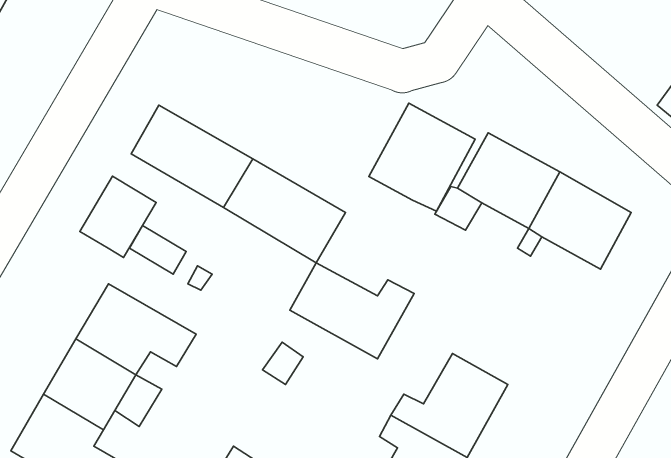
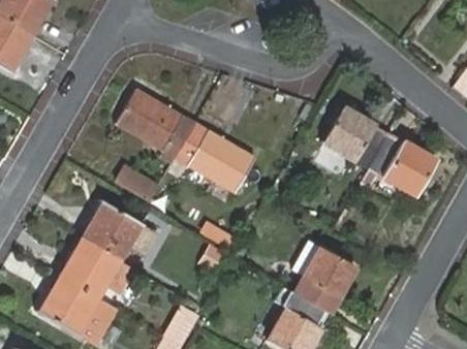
building: [369,103,475,211] -> none
building: [80,176,156,258] -> none
building: [290,263,414,359] -> none

